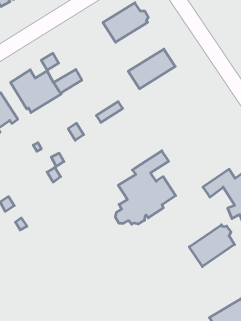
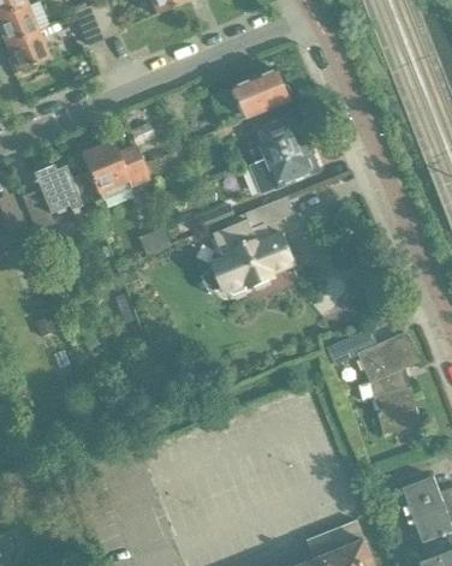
building: none -> [249,113,307,166]
building: [115,151,176,224] -> [203,196,295,294]
building: [189,225,235,267] -> none

